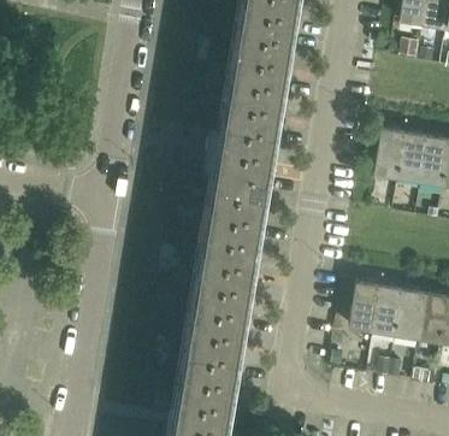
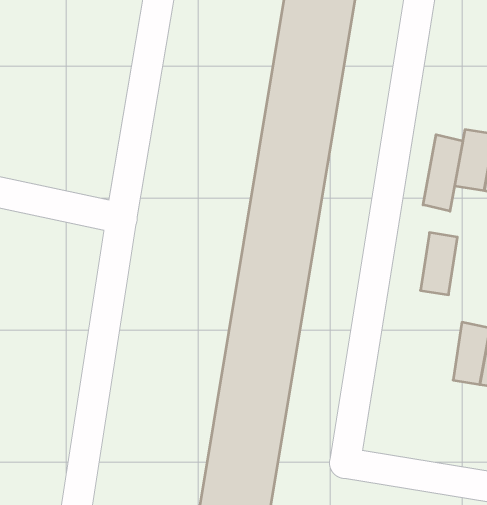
building: none -> [423,135,463,211]
building: [351,282,382,332] -> [420,233,457,295]

